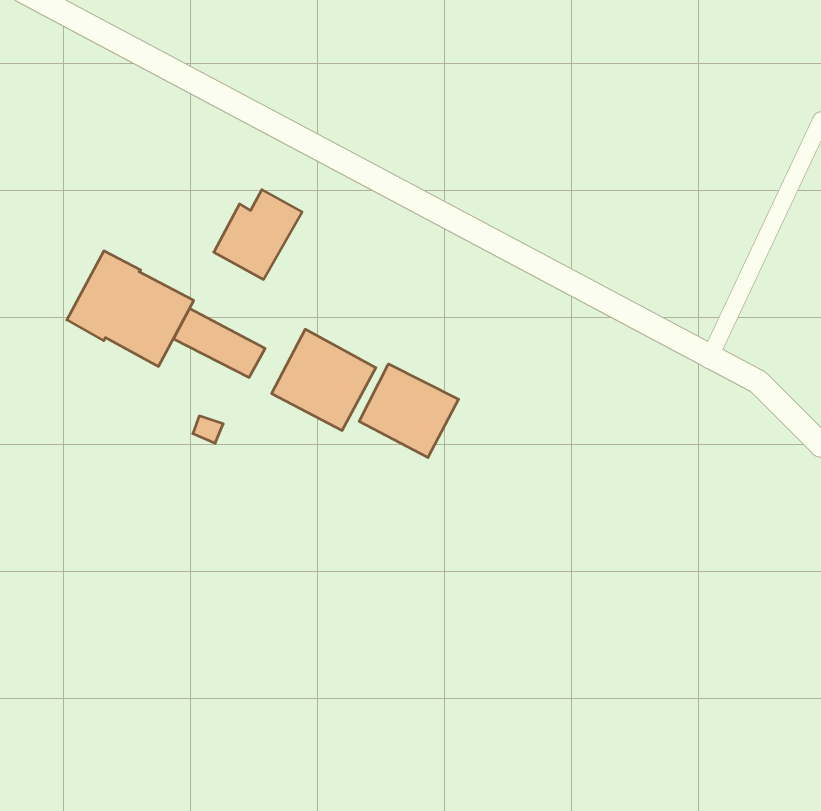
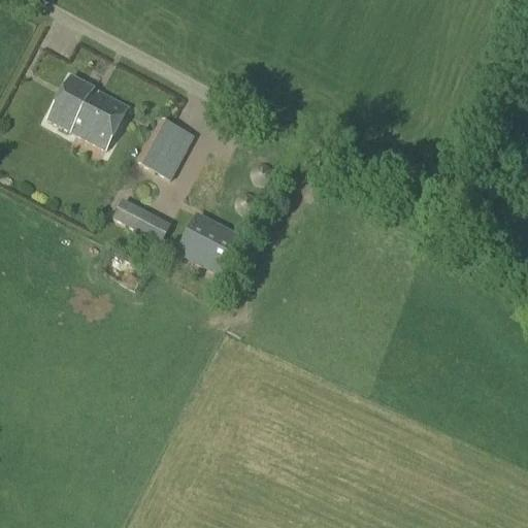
building: [67,251,194,366] -> [46,74,128,148]
building: [359,364,459,458] -> none

